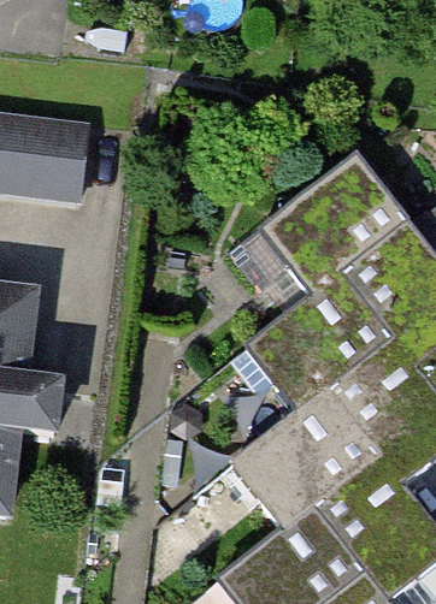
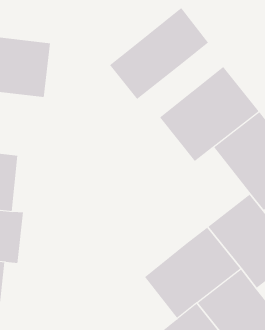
building: none -> [109,7,209,100]
building: [241,276,391,420] -> none

